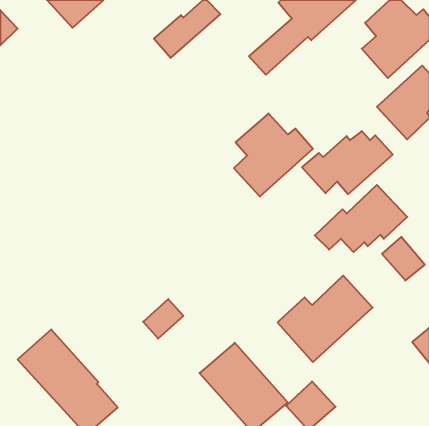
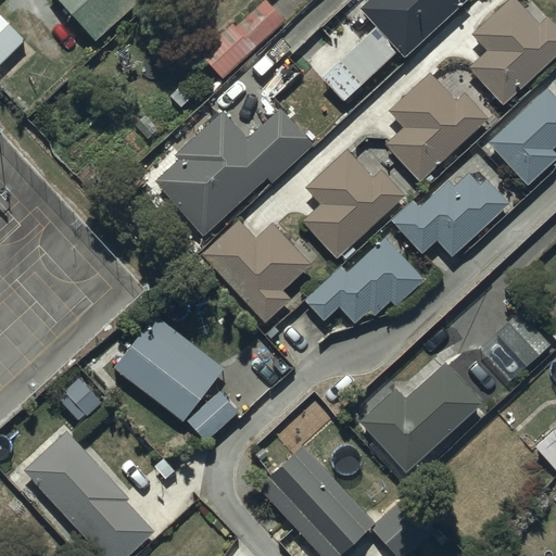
building: none -> [386,73,489,182]
building: none -> [154,110,313,236]
building: none -> [203,220,308,323]
building: [315,185,407,252] -> [305,237,425,324]
building: none -> [115,317,222,420]

